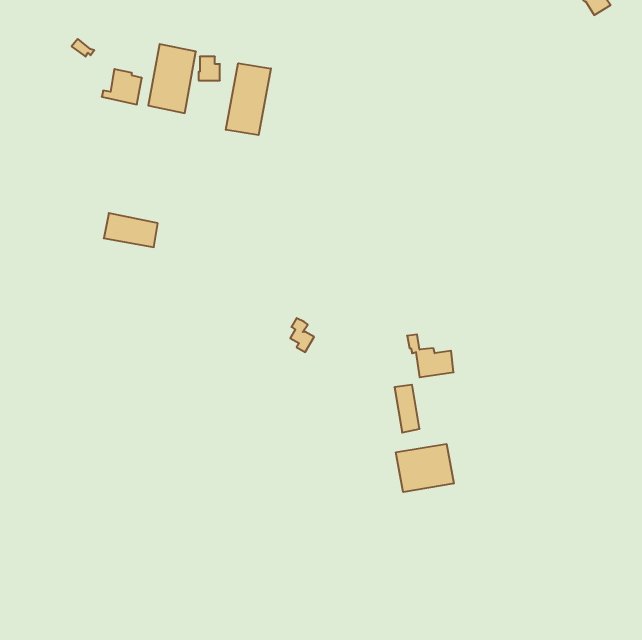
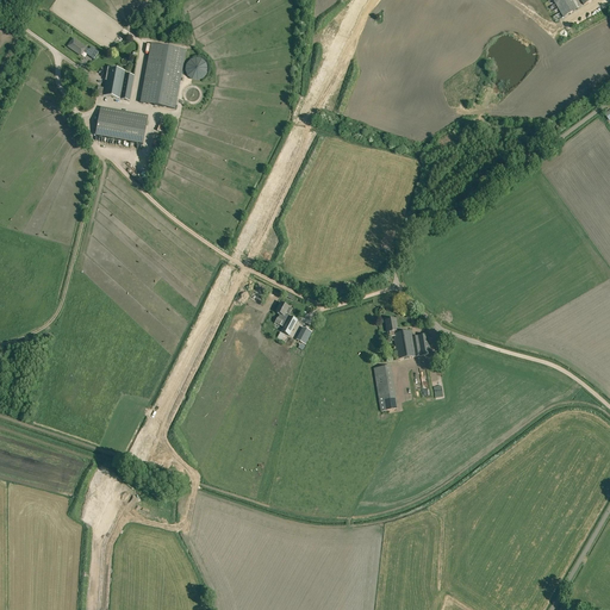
building: [226,63,271,135] -> none
building: [104,213,158,247] -> [95,110,147,142]
building: [396,444,454,492] -> none

